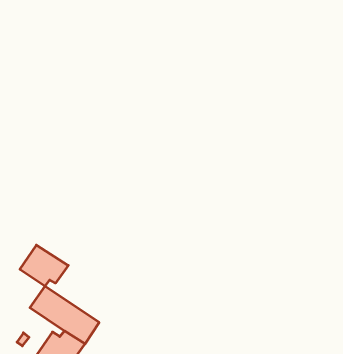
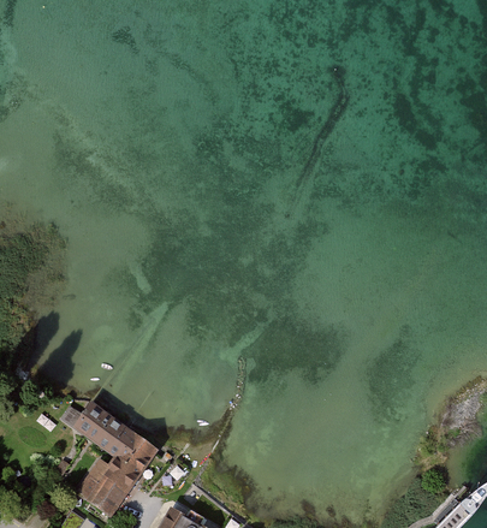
building: [20,245,68,286] -> none

